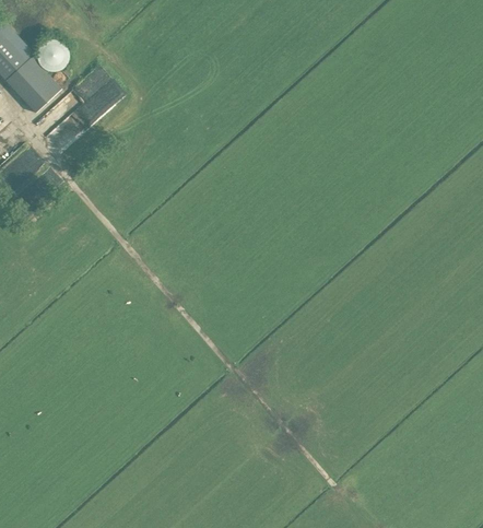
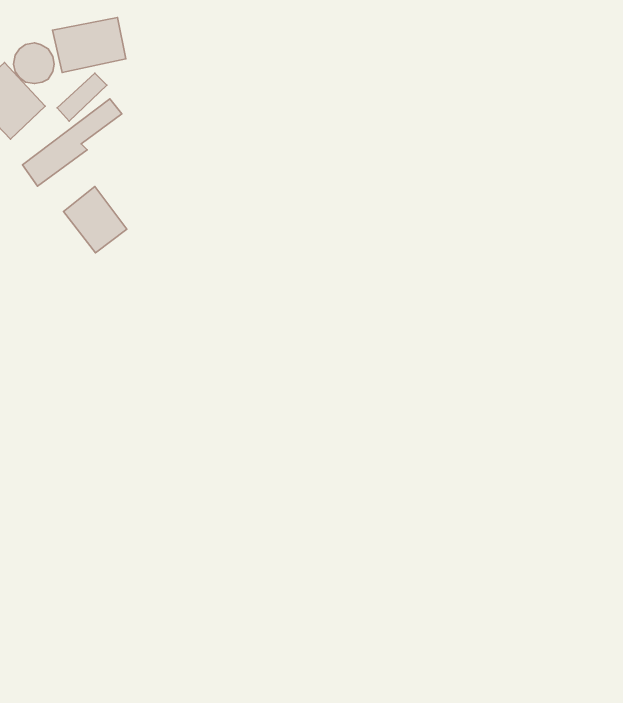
building: none -> [52,17,126,72]
building: none -> [63,187,127,253]

